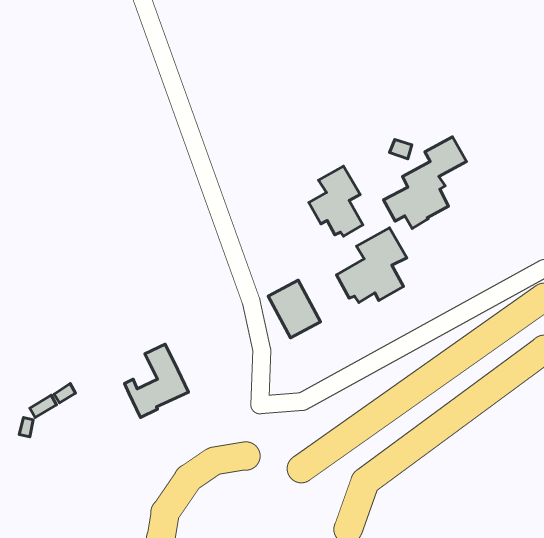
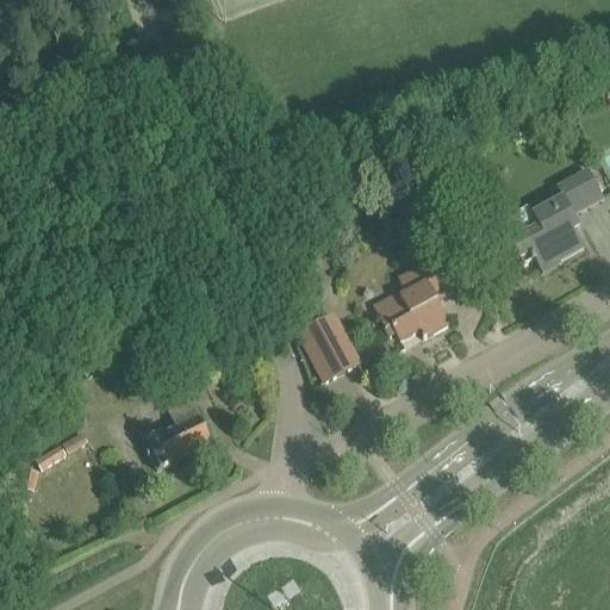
building: [383,137,466,229] -> [511,168,604,270]
building: [309,166,363,236] -> none

